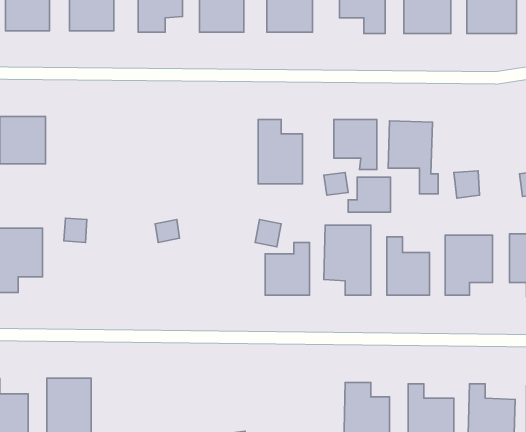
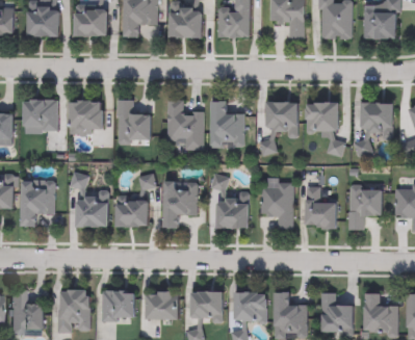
building: none -> [69,100,103,135]
building: none -> [116,100,151,145]
building: none -> [166,100,203,150]
building: none -> [360,102,392,139]
building: [348,177,390,212] -> none
building: none -> [163,181,197,228]
building: none -> [75,190,108,228]
building: none -> [114,197,147,227]
building: none -> [100,290,134,321]
building: none -> [145,291,178,319]
building: none -> [190,291,223,322]
building: none -> [234,292,267,322]

